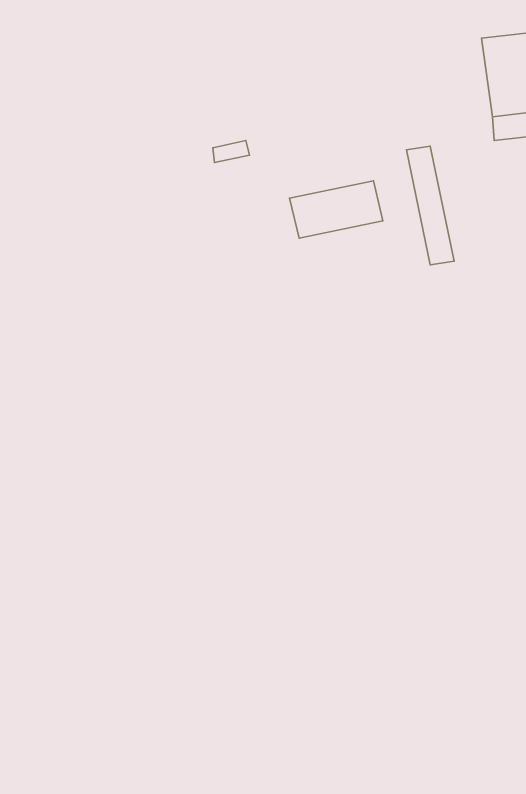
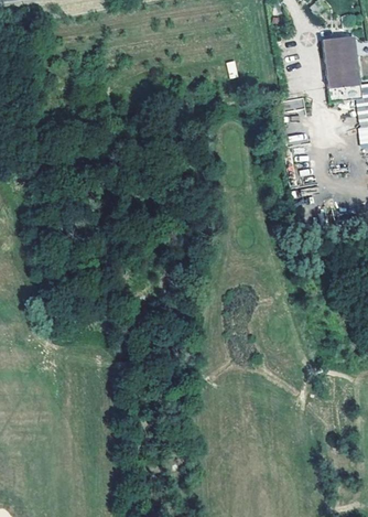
building: [290,181,383,238] -> none

